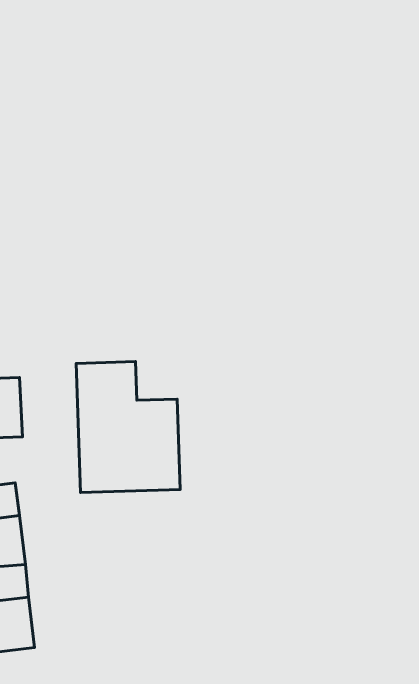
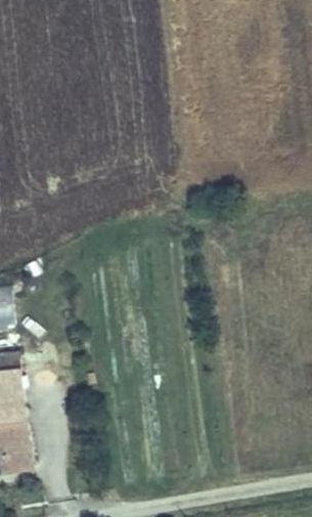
building: [76,361,180,493] -> none

